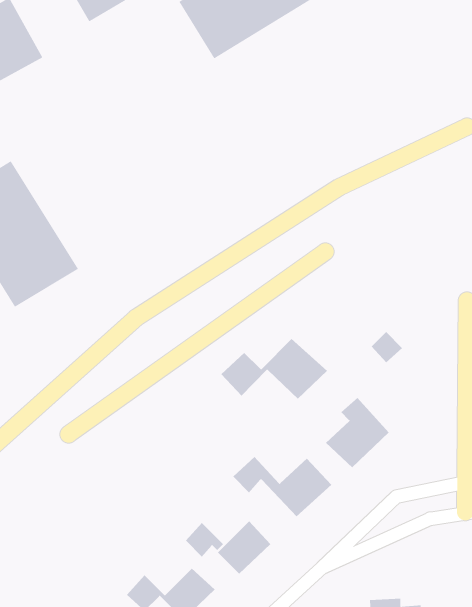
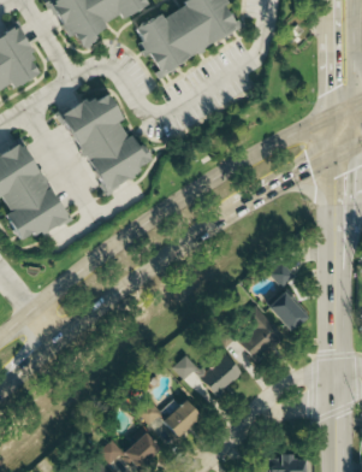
building: none -> [60,90,147,193]
building: [220,338,328,400] -> none
building: none -> [269,293,310,334]

